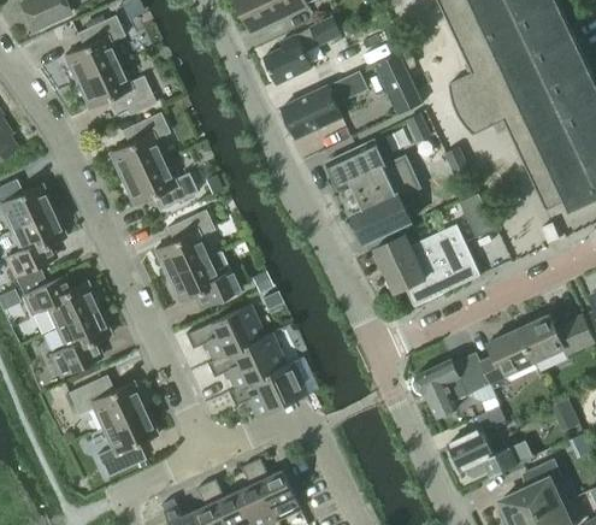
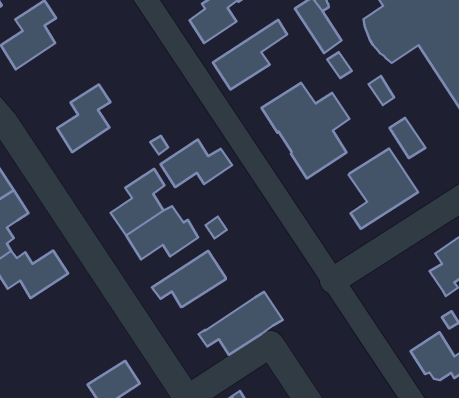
building: [73,63,155,117] -> none
building: [120,160,196,208] -> [160,140,232,187]
building: [374,235,425,293] -> none
building: [49,308,110,377] -> none
building: [206,334,284,390] -> none
building: [413,354,497,417] -> none
building: [66,378,144,429] -> none

